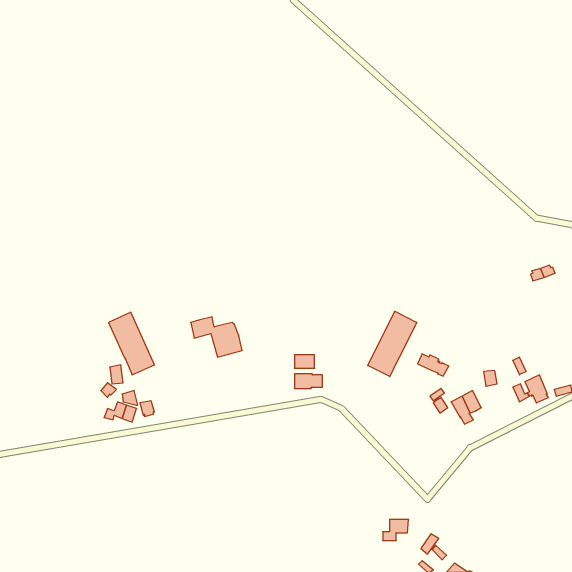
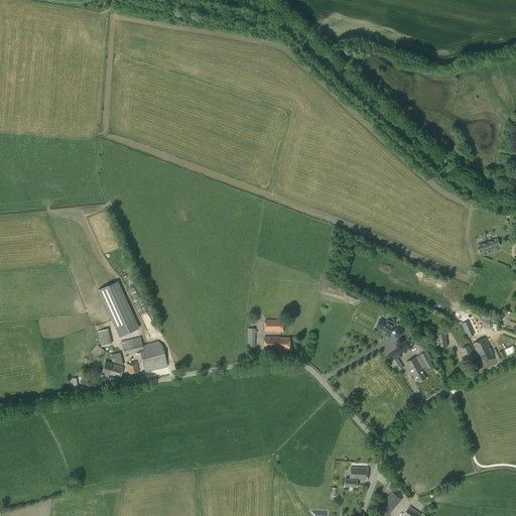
building: [368,311,417,377] -> none
building: [191,317,242,357] -> [121,337,167,373]

